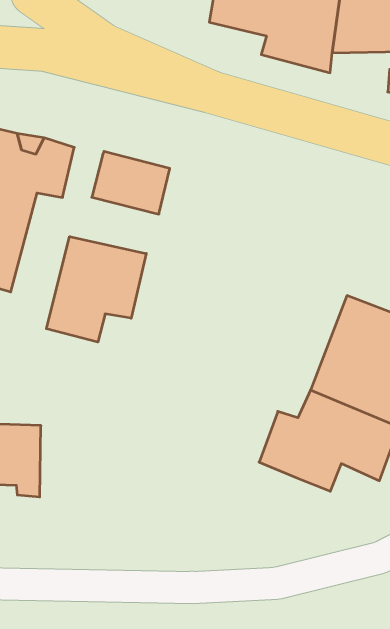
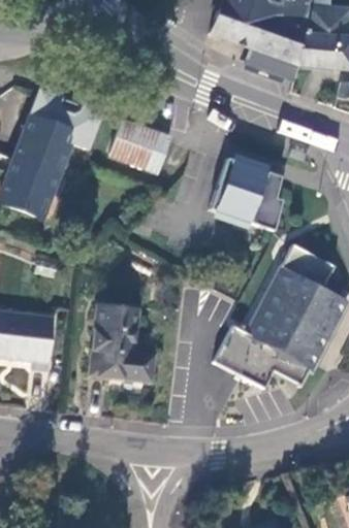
building: none -> [212,163,283,235]
building: [46,237,146,342] -> none
building: none -> [91,304,154,382]

